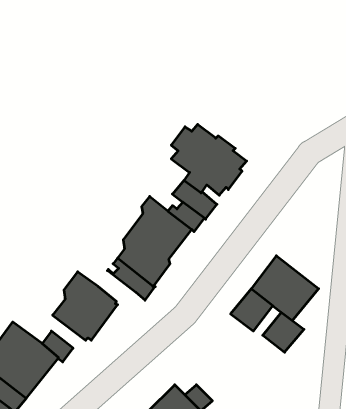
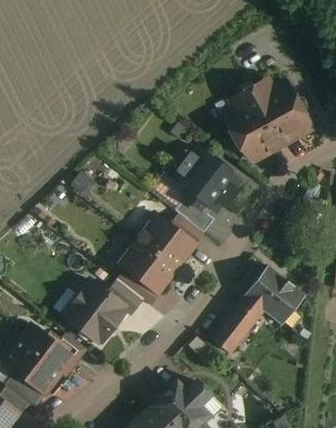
building: none -> [222,80,310,160]
building: none -> [107,281,141,315]
building: [263,312,304,352] -> [209,319,246,354]

